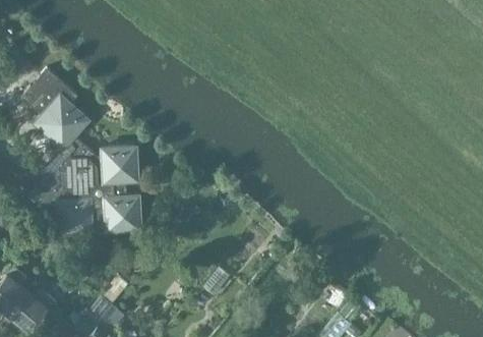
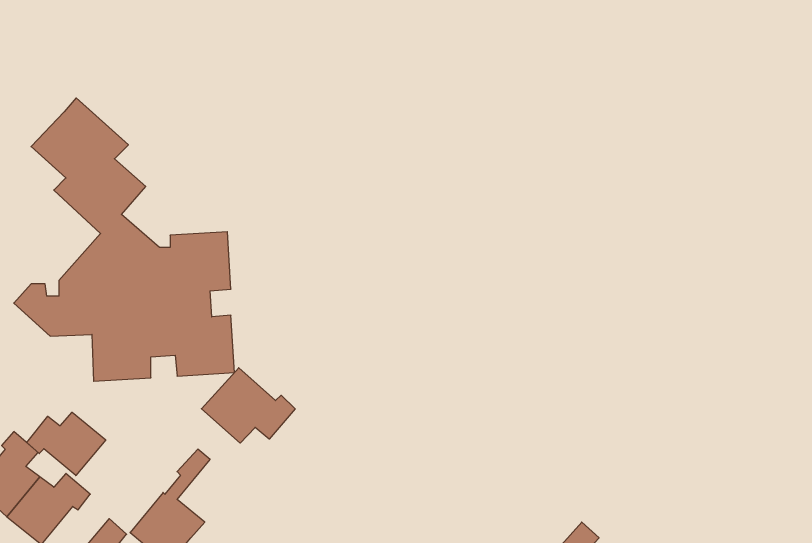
building: none -> [201,368,295,443]
building: none -> [27,412,106,476]

